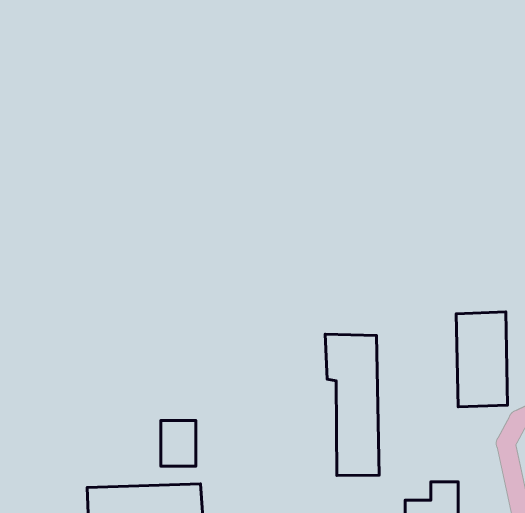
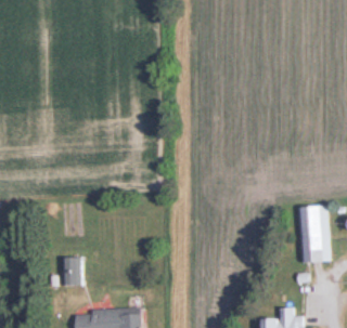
building: [325,334,379,475] -> none
building: [161,421,196,466] -> [62,259,82,286]

